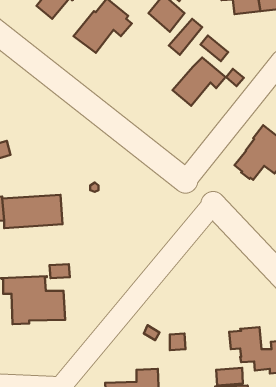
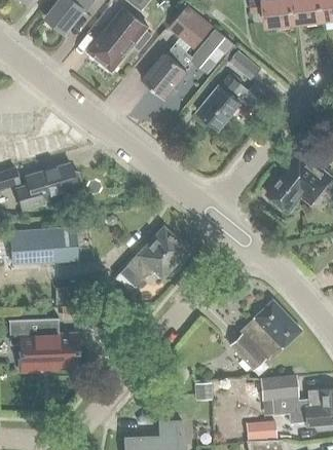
building: none -> [143,43,196,99]
building: none -> [16,163,77,210]
building: none -> [115,228,187,293]
building: none -> [229,300,301,370]

